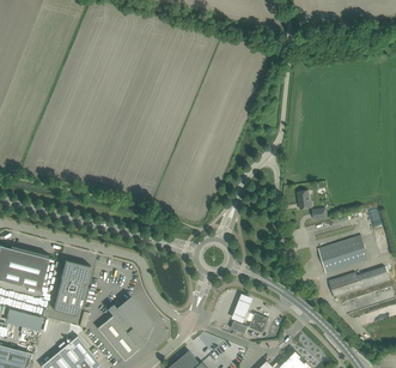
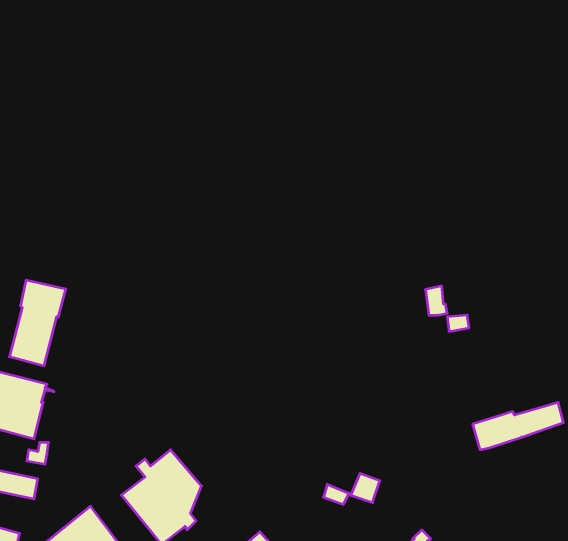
building: [317,236,367,273] -> none
building: [53,260,90,316] -> [9,280,66,366]

